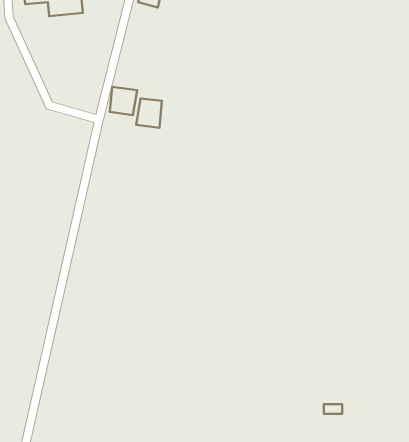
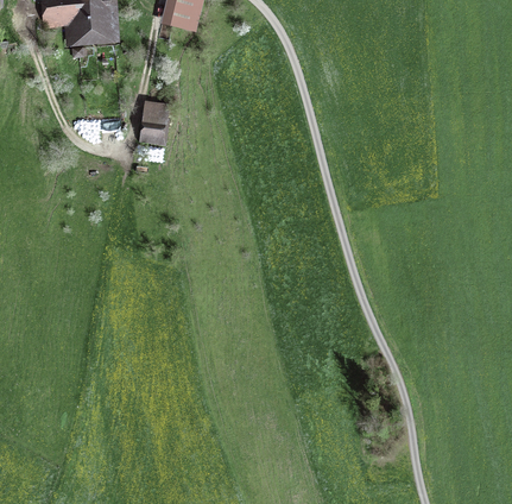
building: [136,98,162,128] -> none

